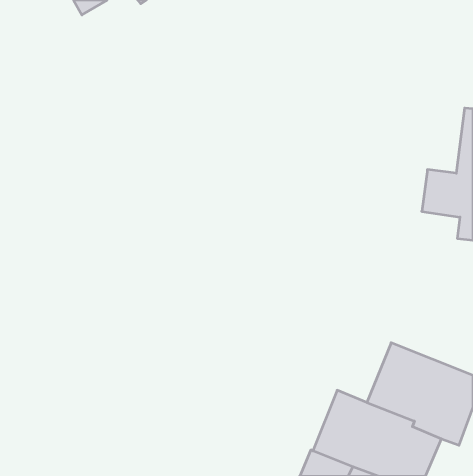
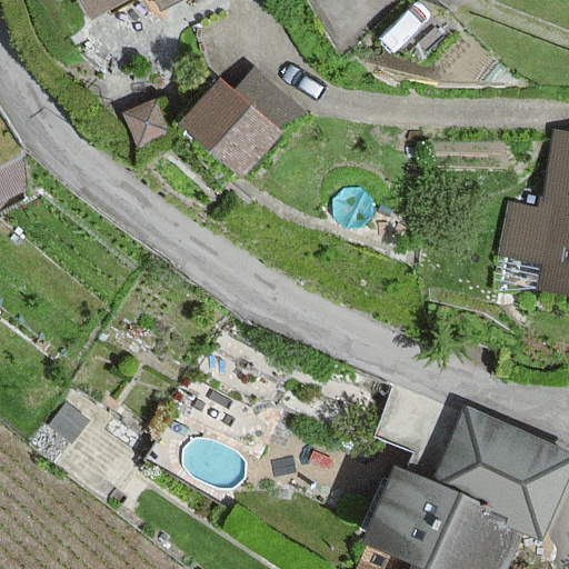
building: none -> [186,78,280,168]

